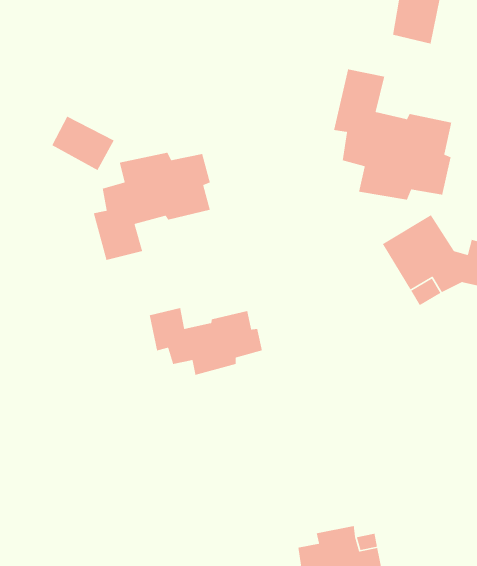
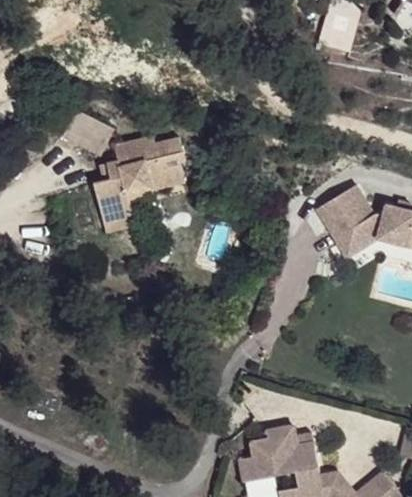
building: [333,68,452,200] -> none
building: [149,307,263,376] -> none

